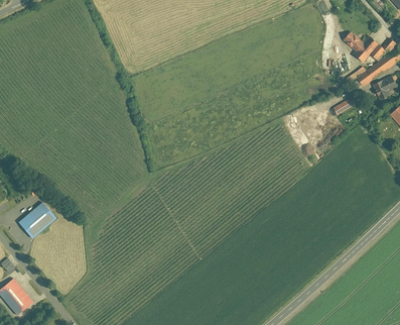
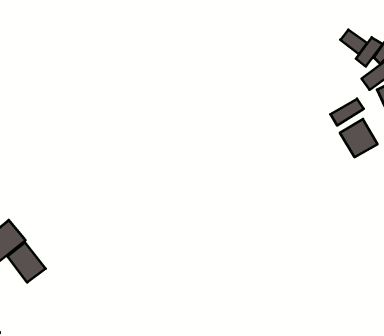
building: none -> [340,119,377,157]
building: none -> [7,242,46,282]

